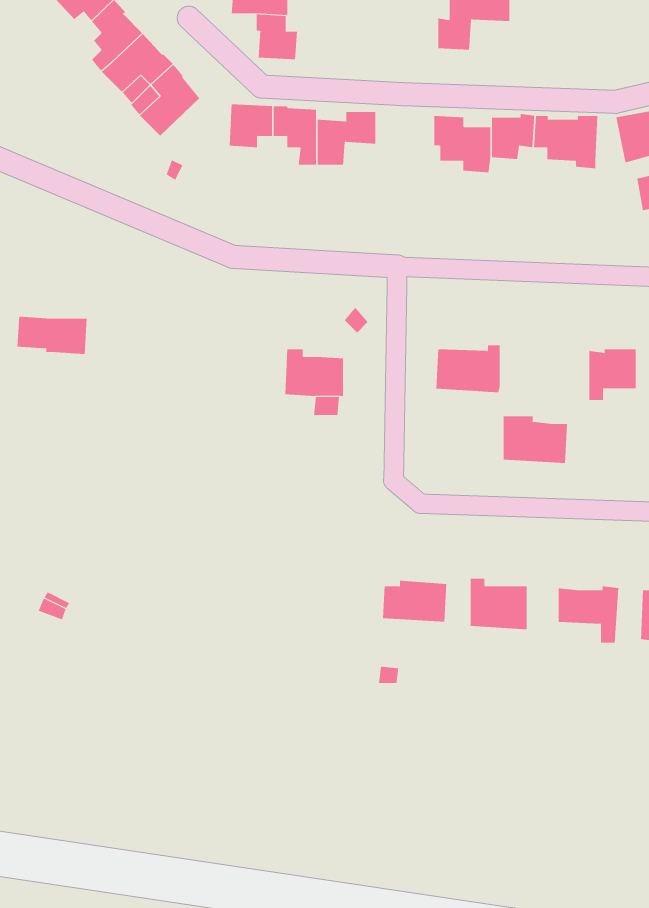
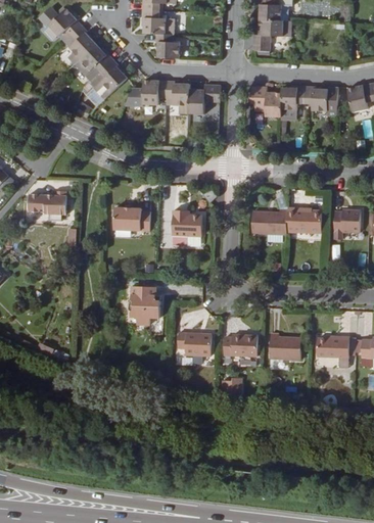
building: none -> [112,209,149,232]
building: [503,416,568,464] -> [286,207,321,233]
building: none -> [129,287,159,325]
building: none -> [176,332,211,355]

